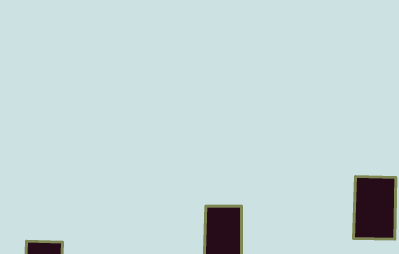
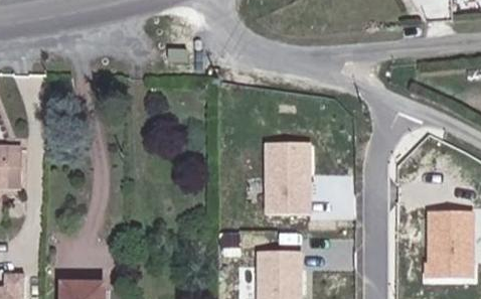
building: none -> [254,145,308,218]

